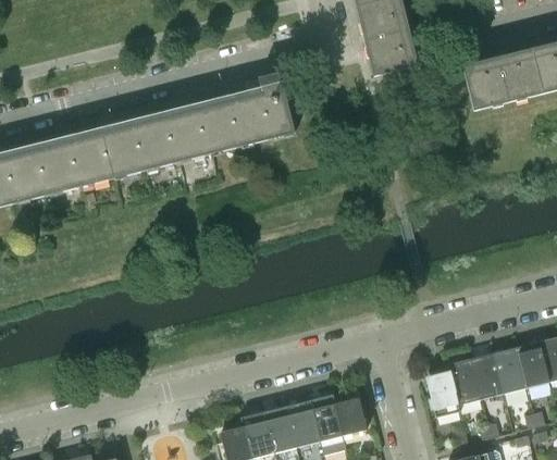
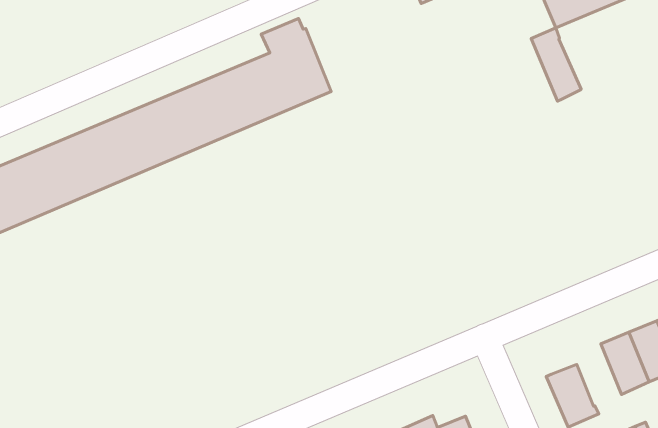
building: none -> [531,28,581,101]
building: [447,358,481,405] -> none

